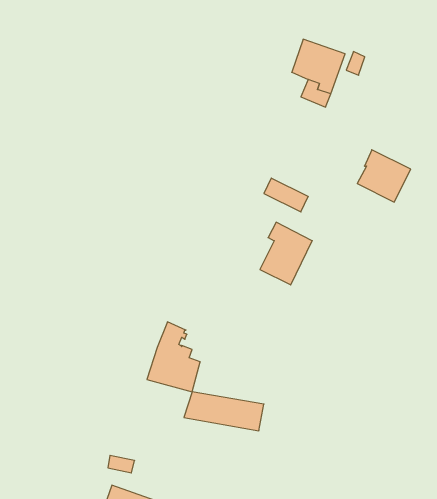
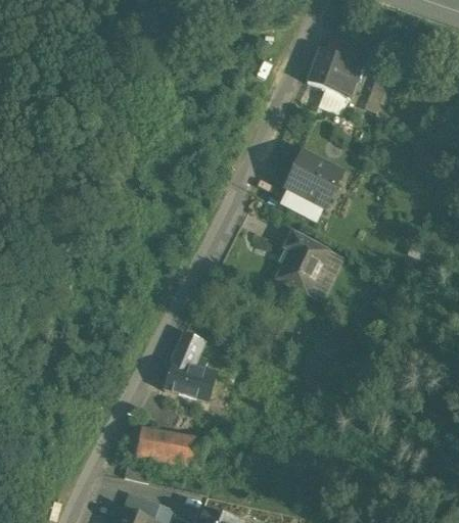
building: [357,150,411,202] -> [287,152,340,204]
building: none -> [307,248,343,299]
building: [184,392,264,431] -> [126,425,205,464]

